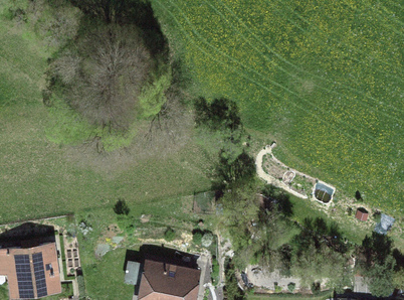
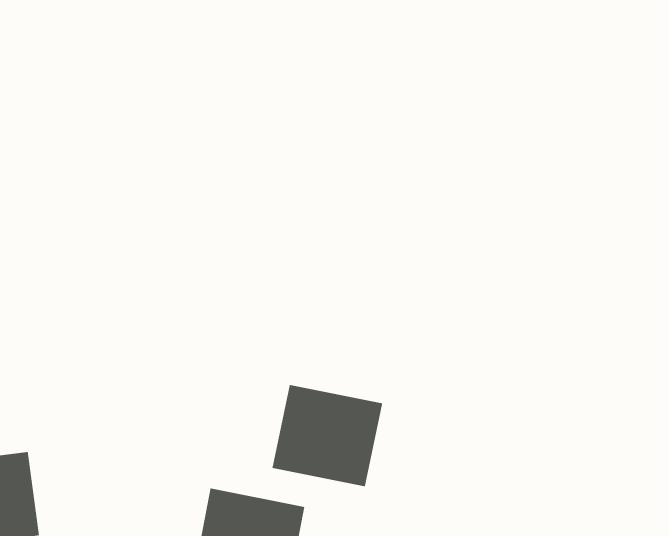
building: none -> [272,384,383,487]

